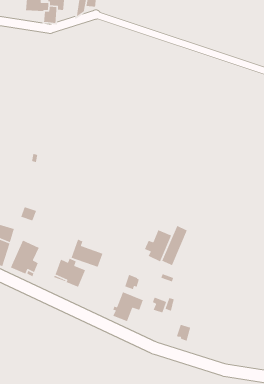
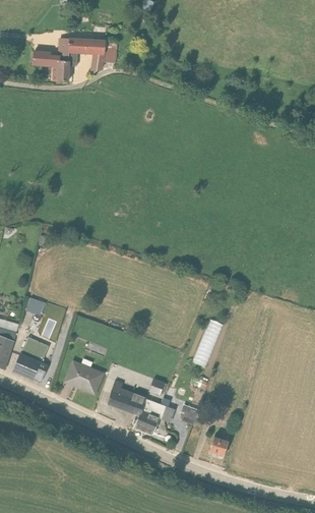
building: [144,229,172,262] -> none
building: [71,239,103,268] -> [107,380,145,414]

